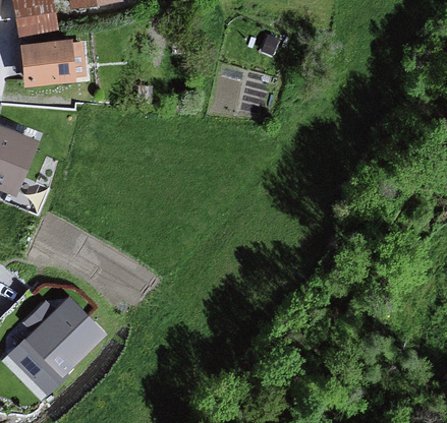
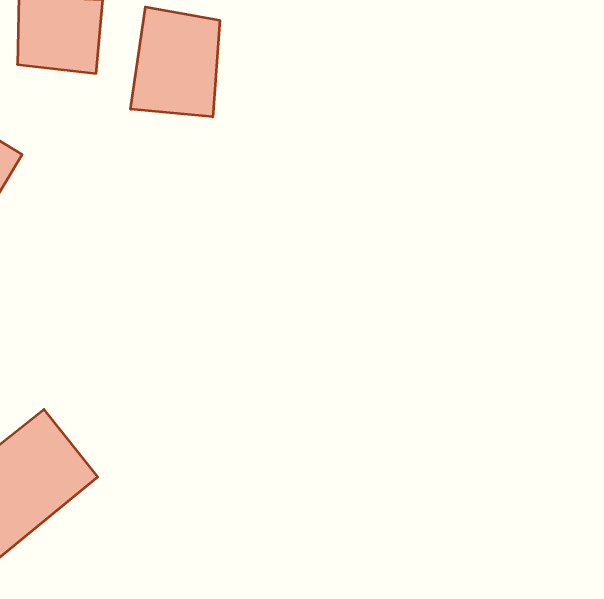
building: none -> [131,7,220,117]

